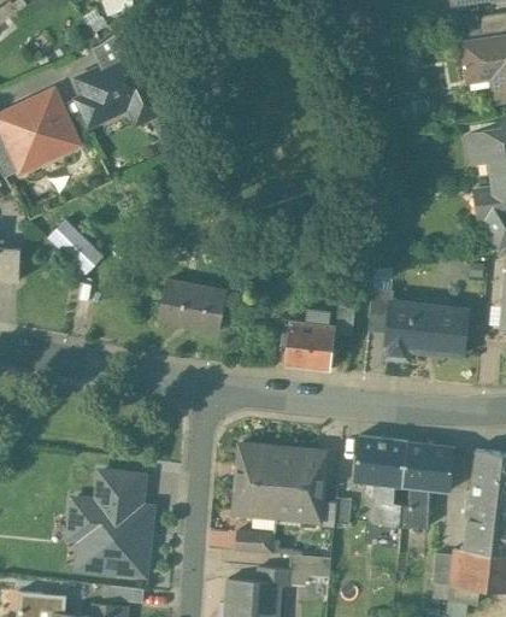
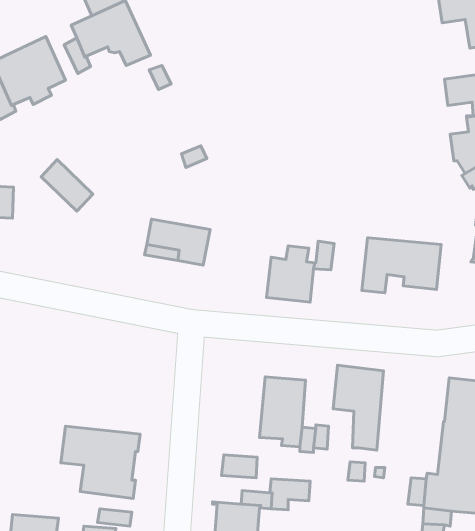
building: [367,288,393,334] -> none
building: [400,441,454,528] -> none
building: [234,443,283,515] -> none
building: [96,471,143,506] -> none

